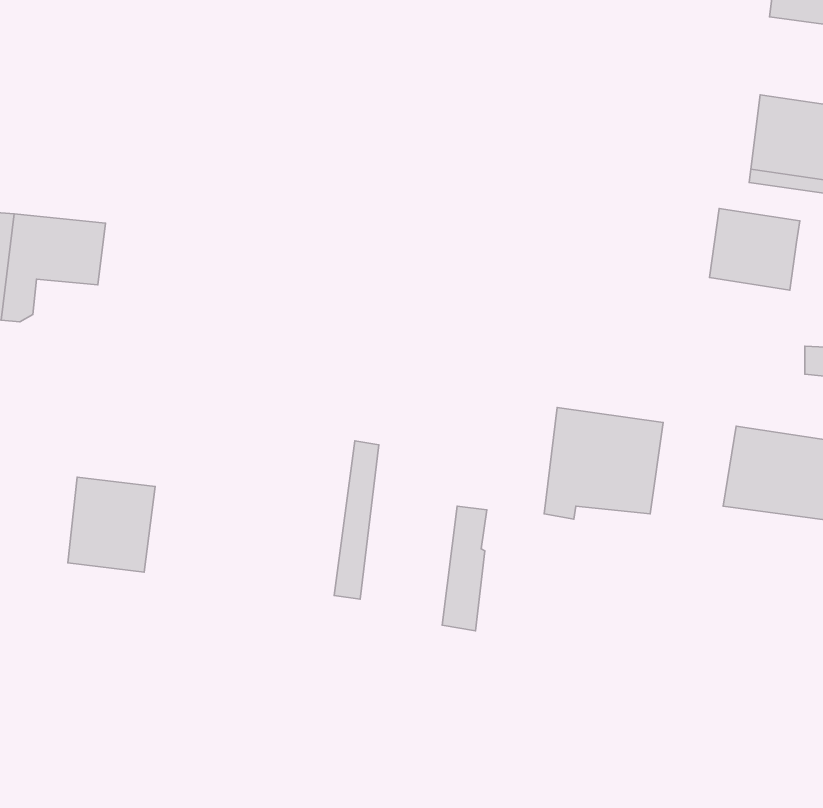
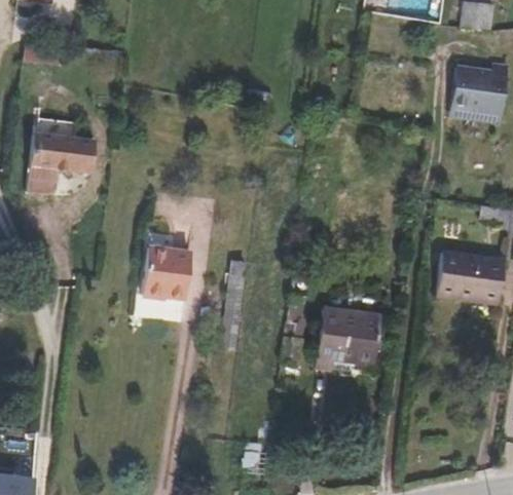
building: [709,208,800,290] -> none
building: [544,408,663,519] -> [317,307,382,369]
building: [68,477,155,572] -> [145,237,193,290]

